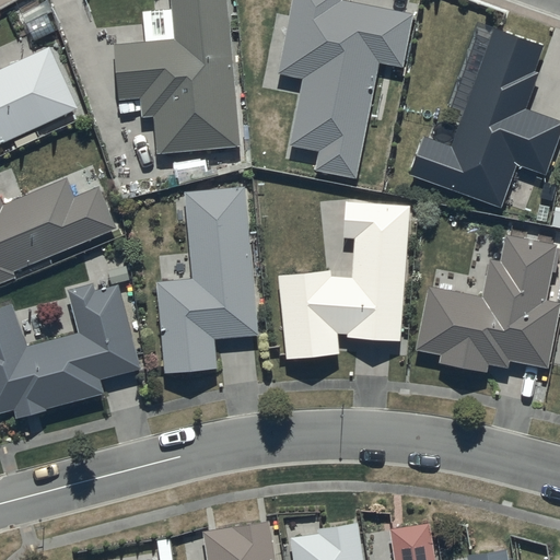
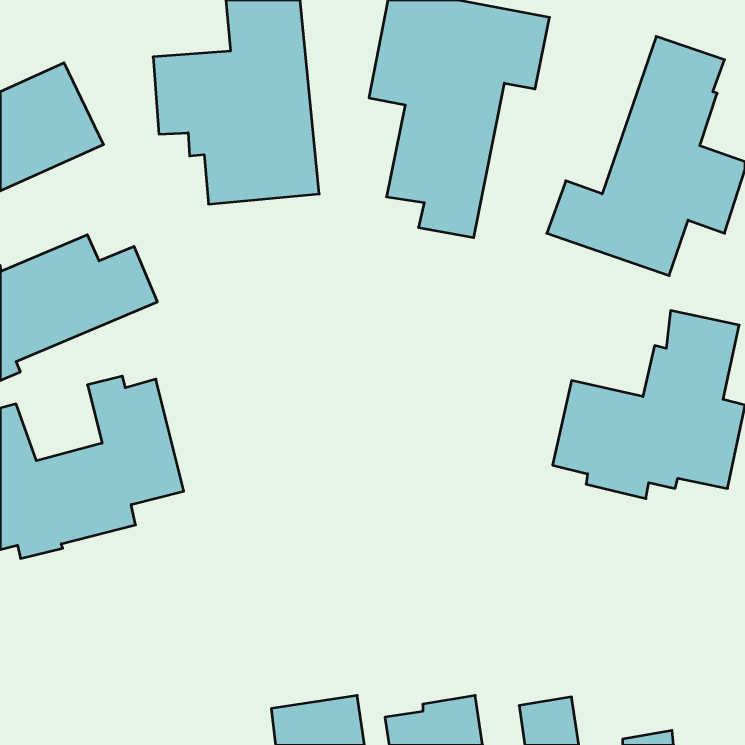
building: [154,185,258,373] -> none
building: [278,201,410,358] -> none

